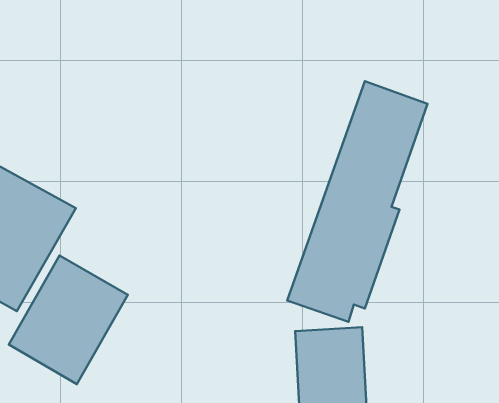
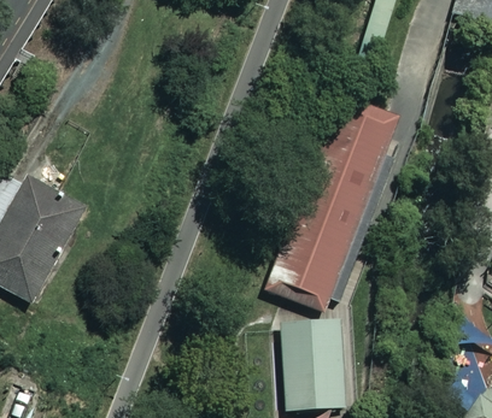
building: [9,255,128,384] -> none

